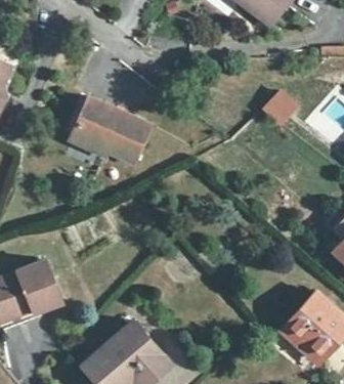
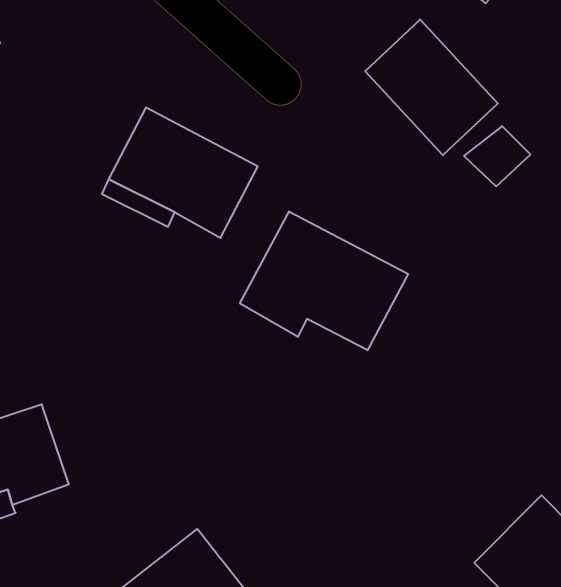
building: none -> [365,19,498,155]
building: none -> [240,211,408,350]

